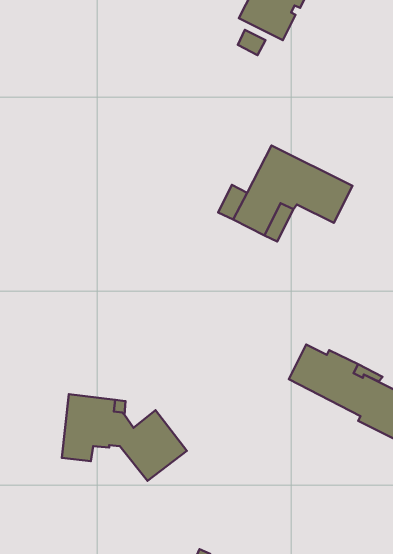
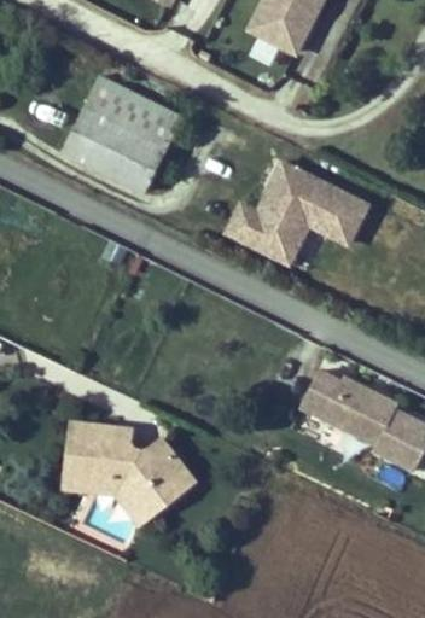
building: none -> [64,75,182,191]
building: none -> [95,474,155,523]

